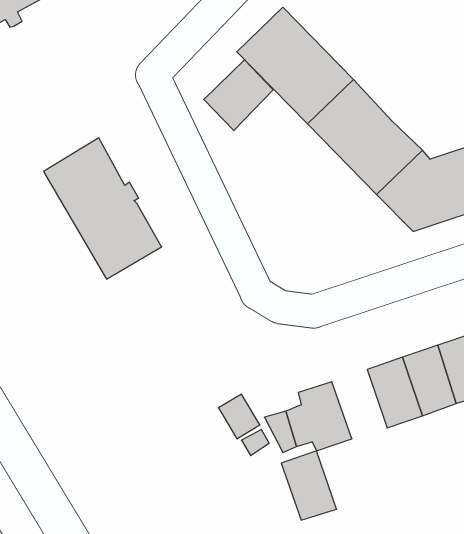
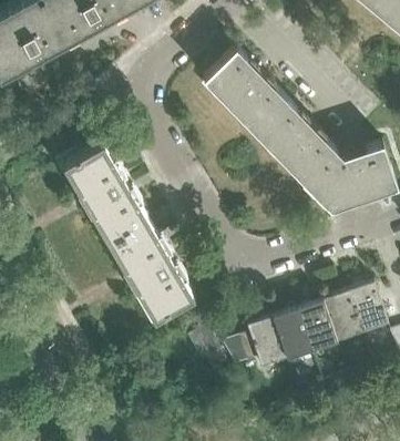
building: [204,60,273,131] -> none
building: none -> [107,222,193,321]
building: [281,451,337,520] -> [270,310,310,360]

